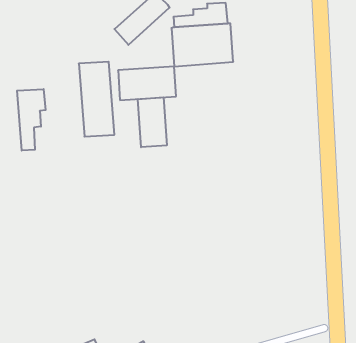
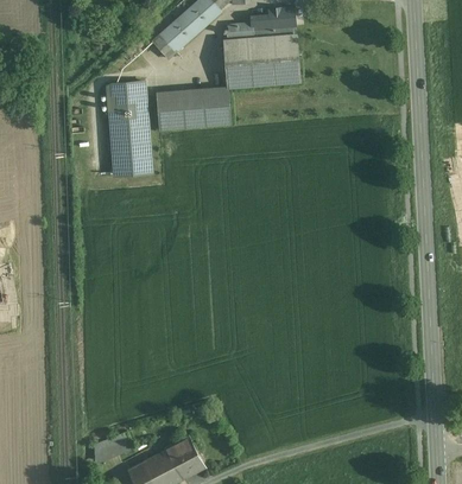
building: [17,89,46,151] -> none
building: [138,97,167,147] -> none

